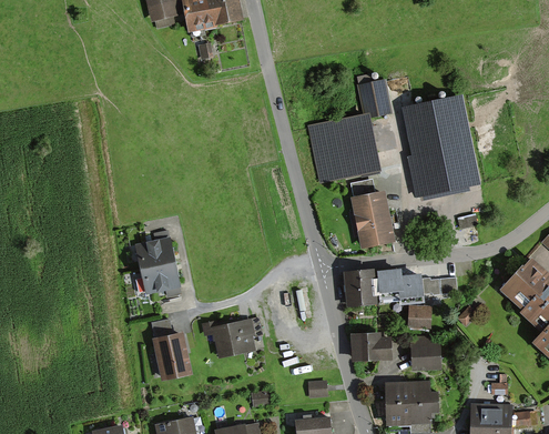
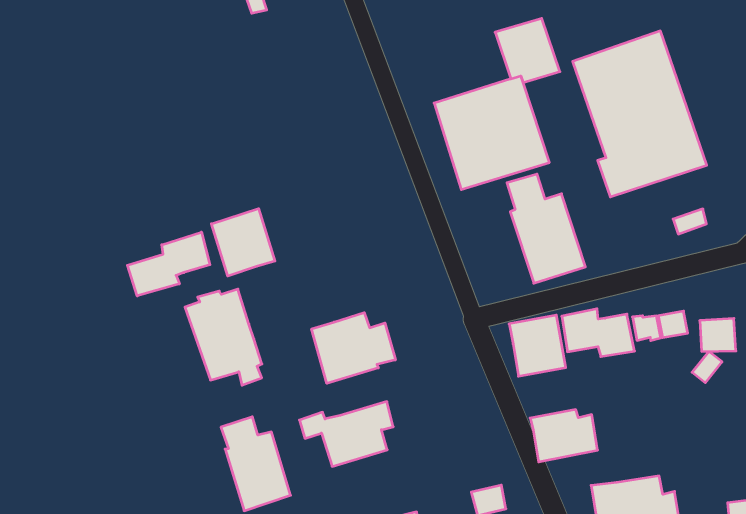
building: none -> [211,209,275,276]
building: none -> [127,232,210,296]
building: none -> [312,313,395,383]
building: [407,309,430,331] -> [700,318,736,351]
building: [411,337,440,373] -> none

